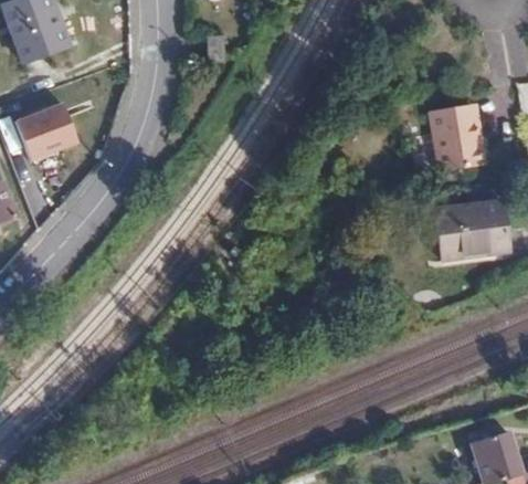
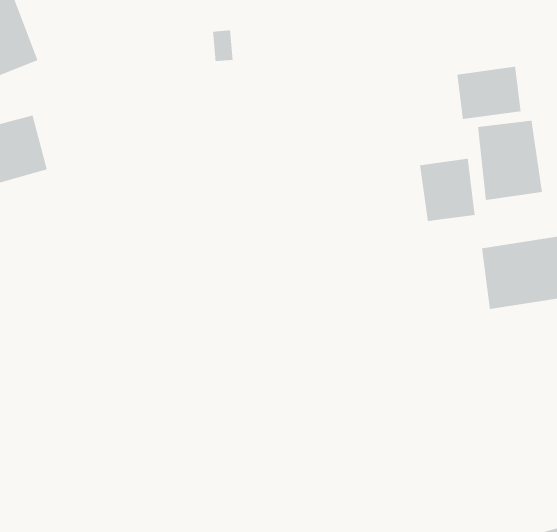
building: none -> [456,66,521,120]
building: none -> [419,158,476,222]

